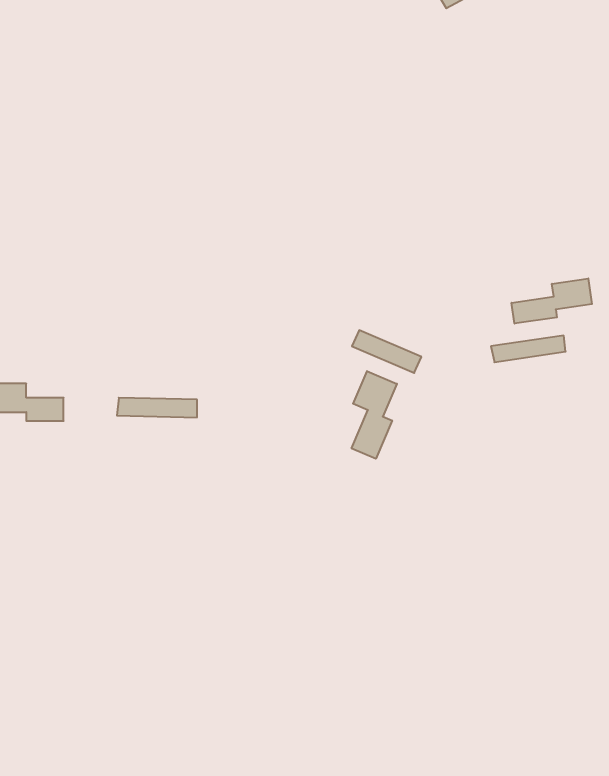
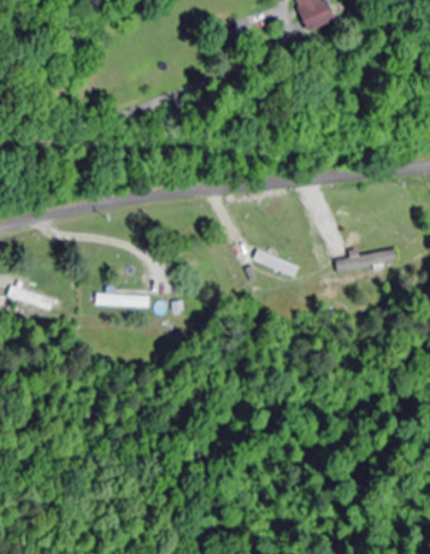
building: [512,278,592,324] -> none
building: [352,371,397,459] -> none

